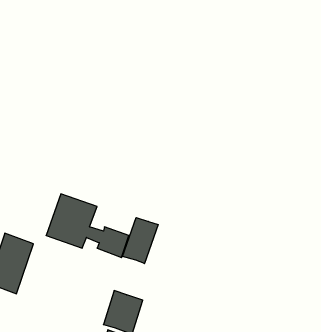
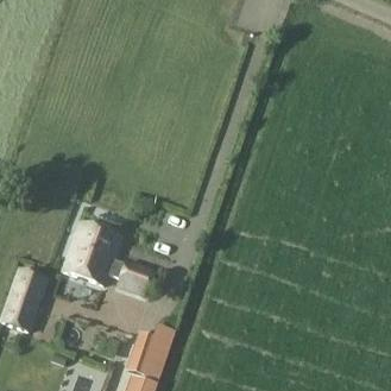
building: [123,218,158,264] -> none

